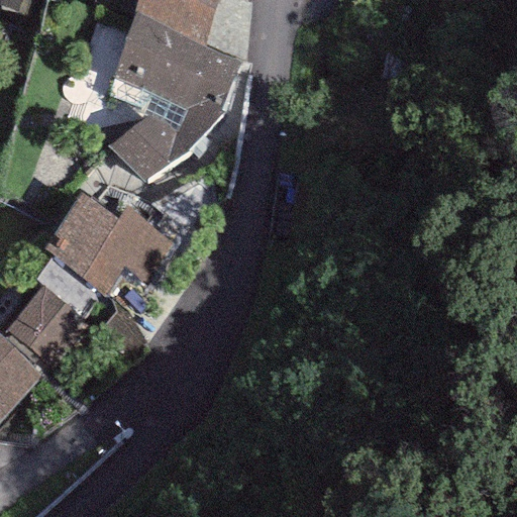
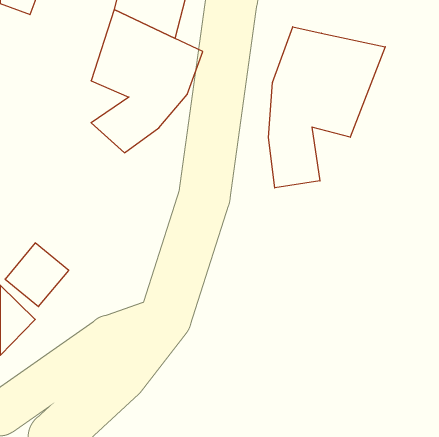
building: none -> [268,27,385,188]
building: [42,193,173,293] -> none

